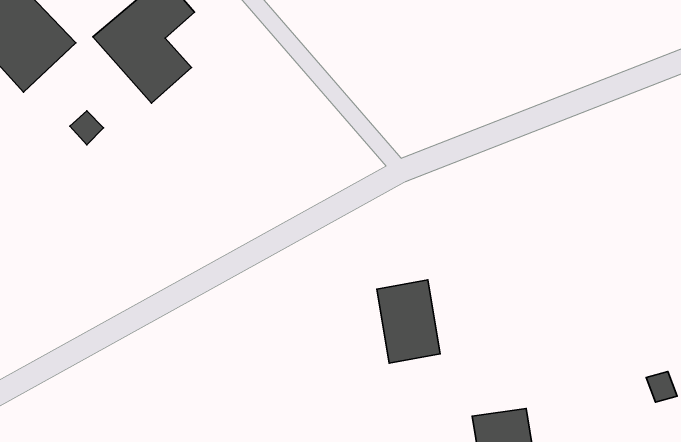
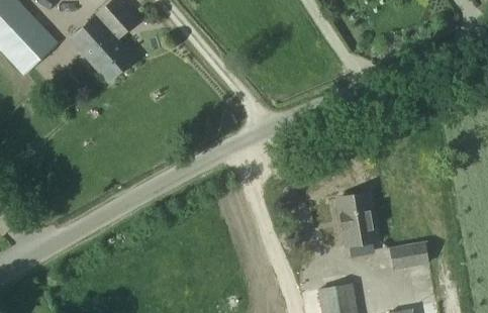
building: [377,280,440,363] -> [336,192,378,246]
building: none -> [389,241,429,269]

